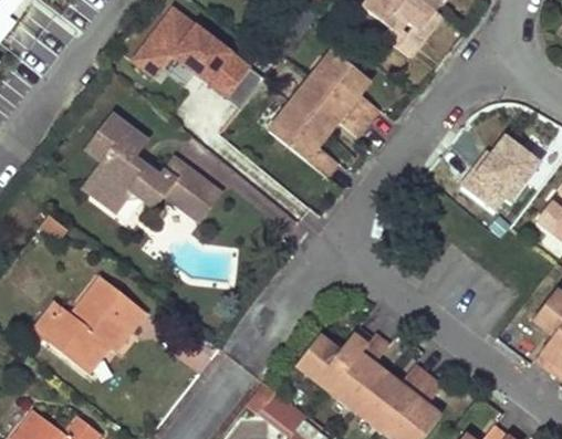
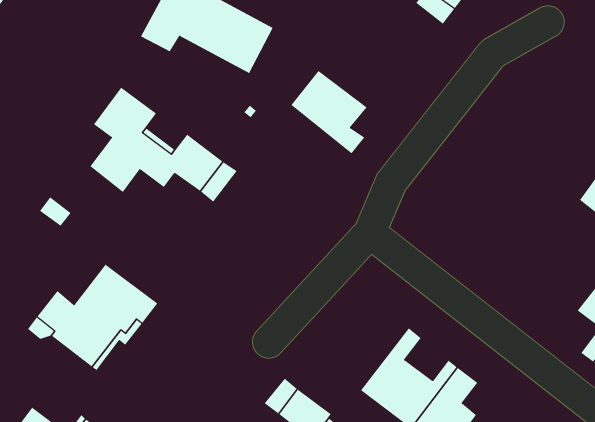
building: [294,50,378,136] -> none
building: [457,133,541,219] -> none
building: [296,327,377,393] -> none

